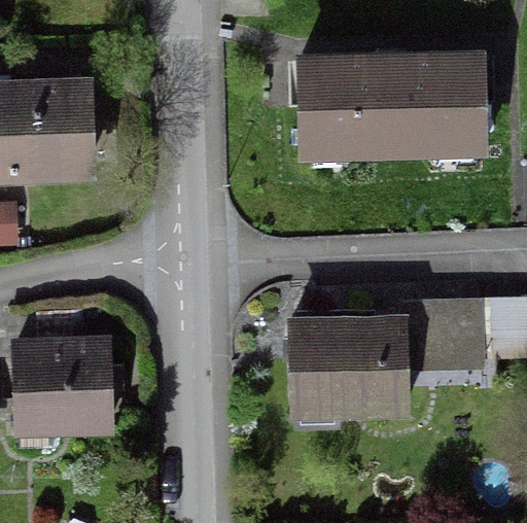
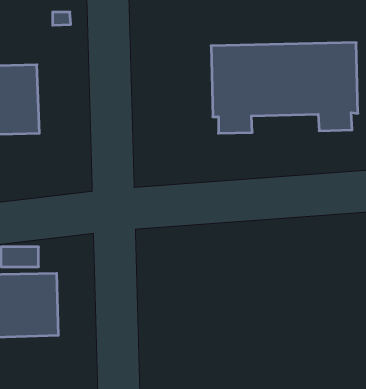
building: [291,302,481,421] -> none

